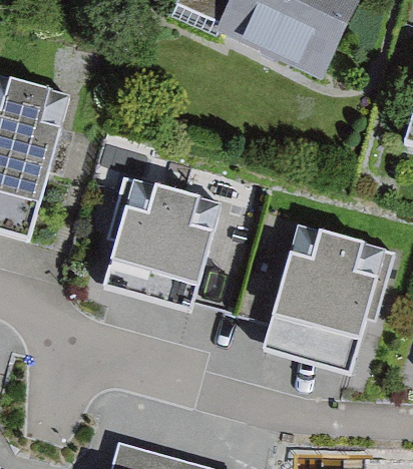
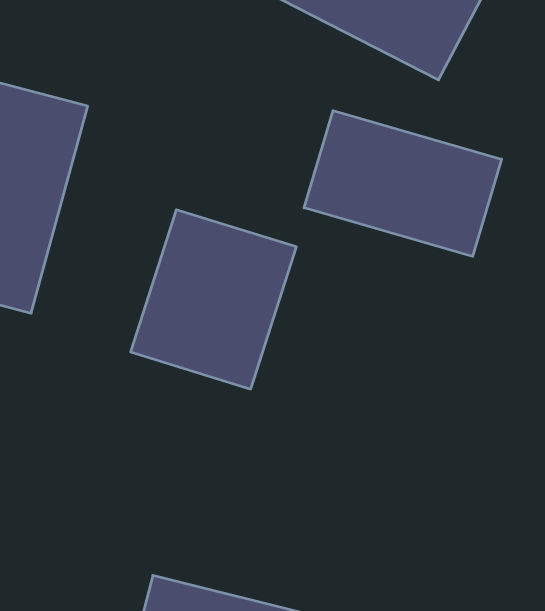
building: none -> [304,111,502,256]
building: [263,223,381,366] -> none

